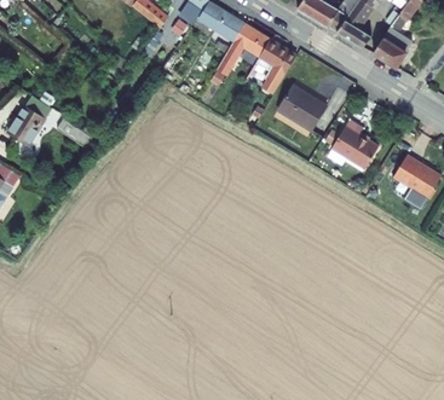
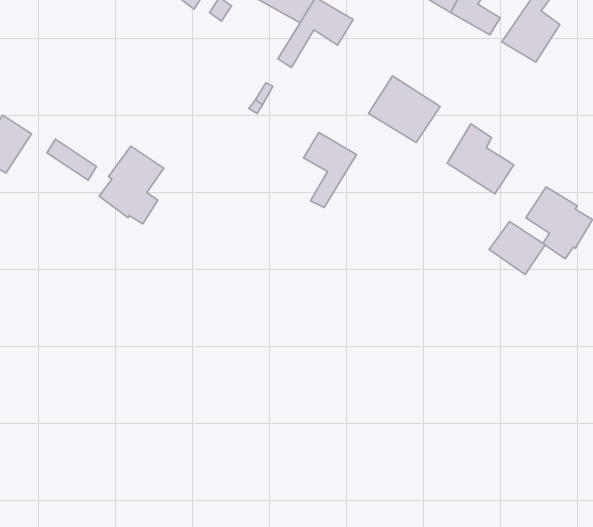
building: [259,35,296,88] -> [304,132,357,208]
building: none -> [99,146,164,224]
building: none -> [489,221,545,275]

